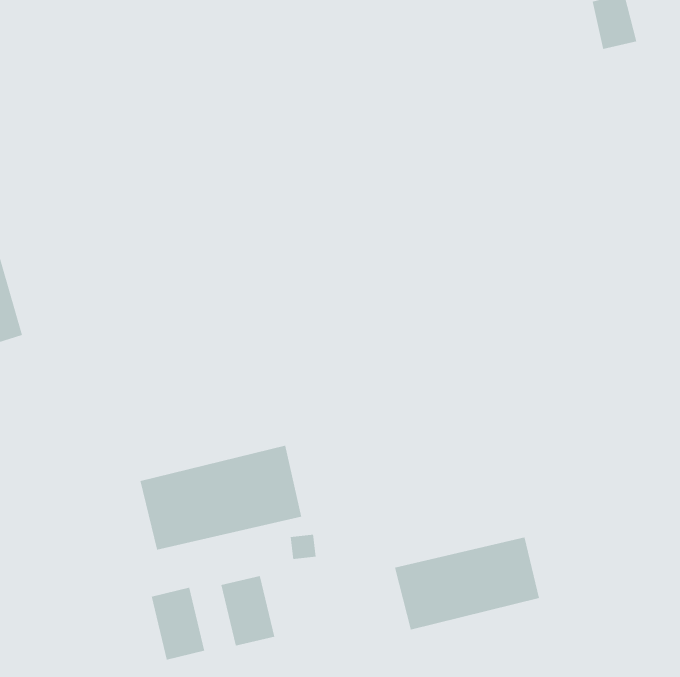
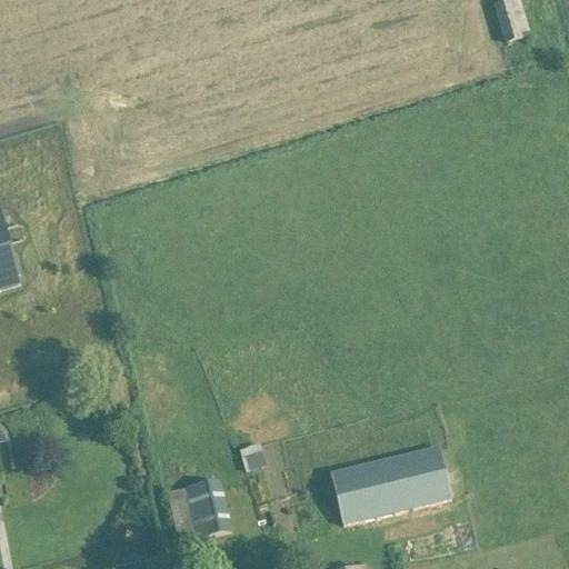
building: [140,445,302,551] -> none
building: [151,587,205,661] -> none

